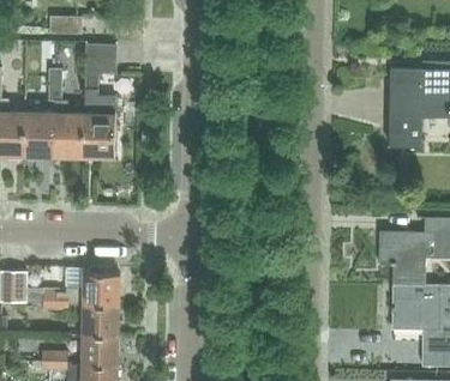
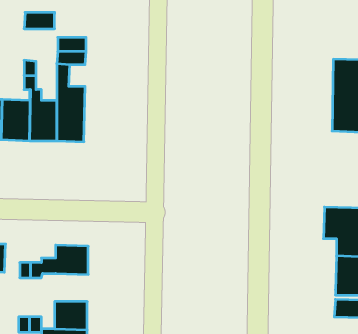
building: [82,304,119,335] -> none

